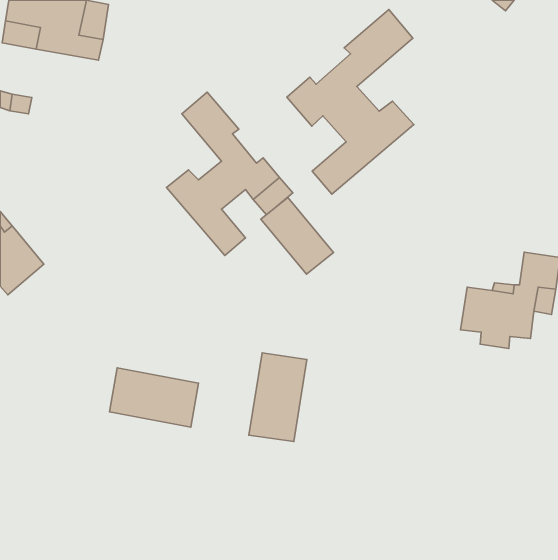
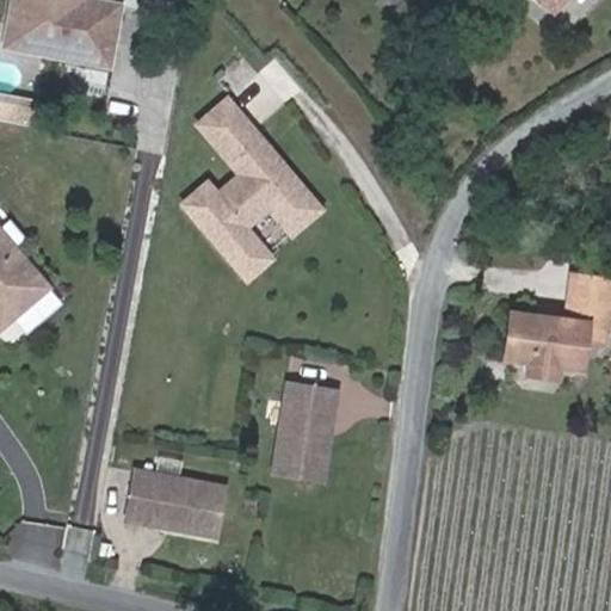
building: [287,10,414,194] -> none
building: [261,197,334,274] -> none
building: [110,368,198,427] -> [128,471,224,536]

